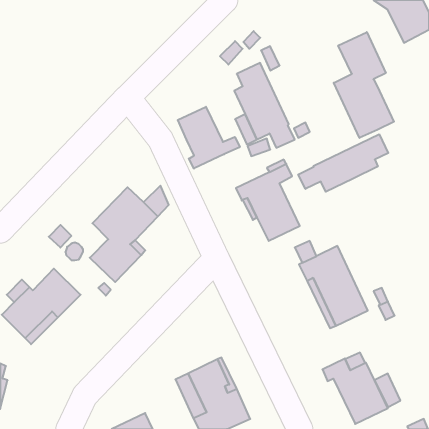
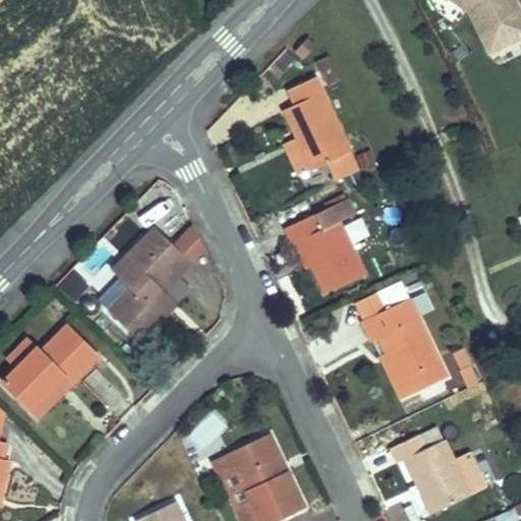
building: [334,32,394,138] -> none
building: [178,107,240,169] -> none
building: [298,134,388,192] -> none

